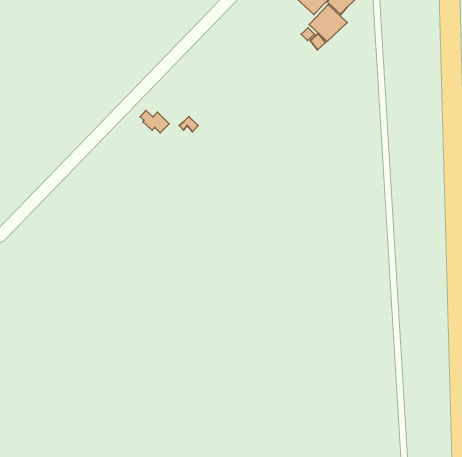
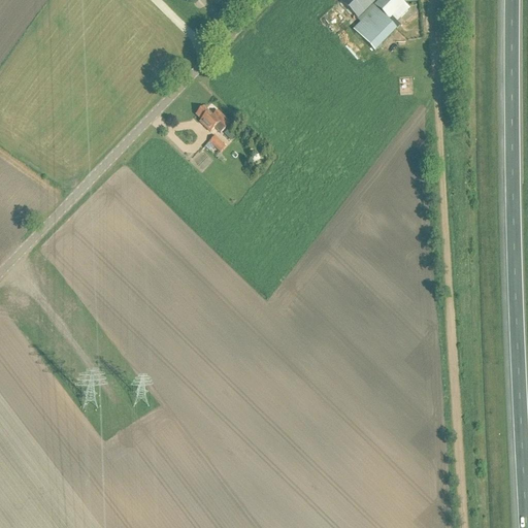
building: [140,110,169,133] -> [198,105,231,131]

